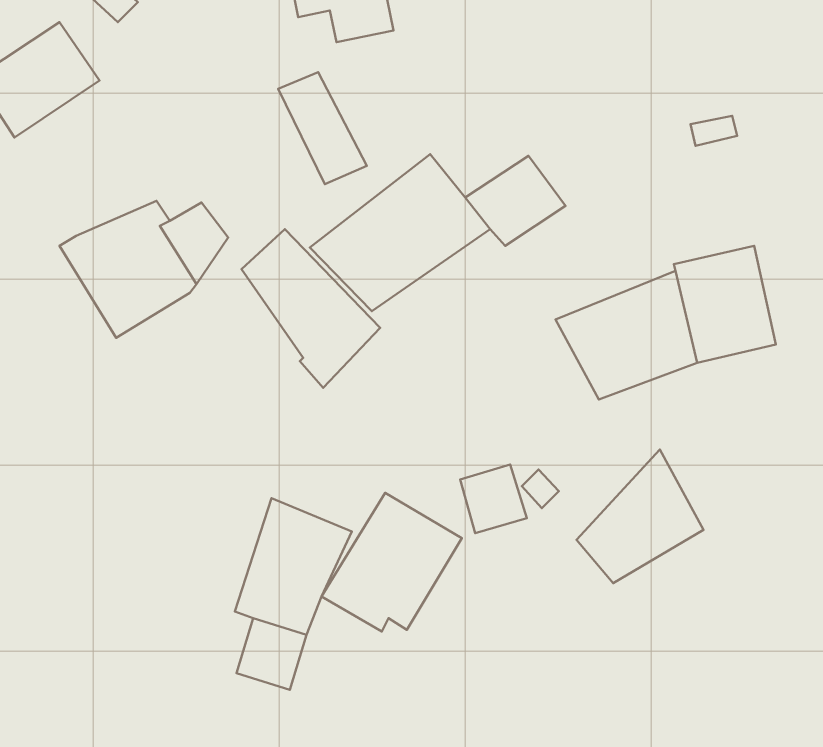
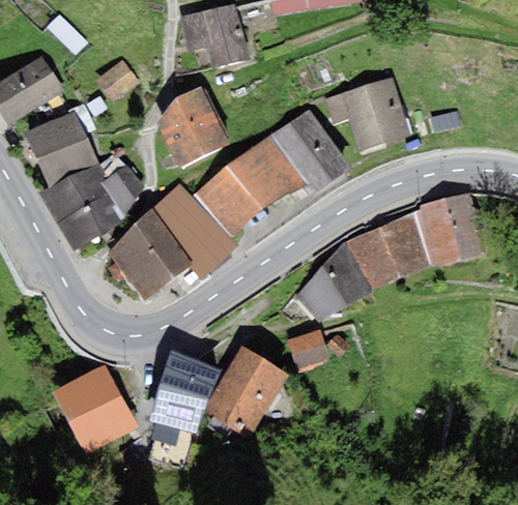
building: none -> [95,58,140,100]
building: none -> [325,78,410,151]
building: none -> [156,95,204,168]
building: none -> [269,109,330,162]
building: none -> [25,111,99,186]
building: none -> [109,207,191,299]
building: [576,450,703,583] -> [295,238,374,321]
building: none -> [52,362,138,453]

